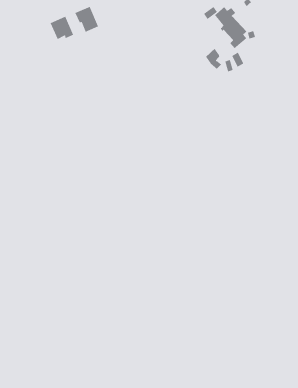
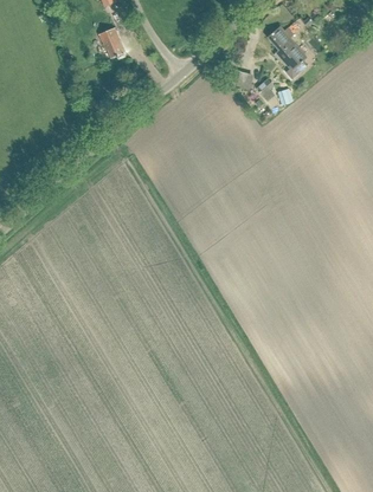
building: [50,16,74,40] -> none

